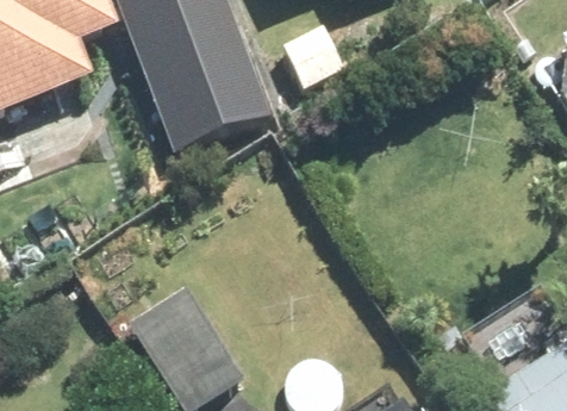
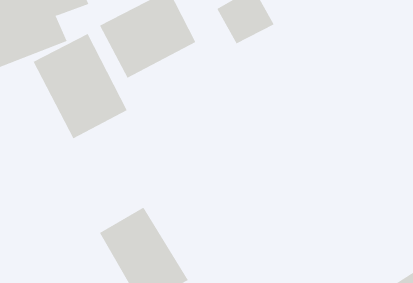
building: none -> [33,33,127,139]

